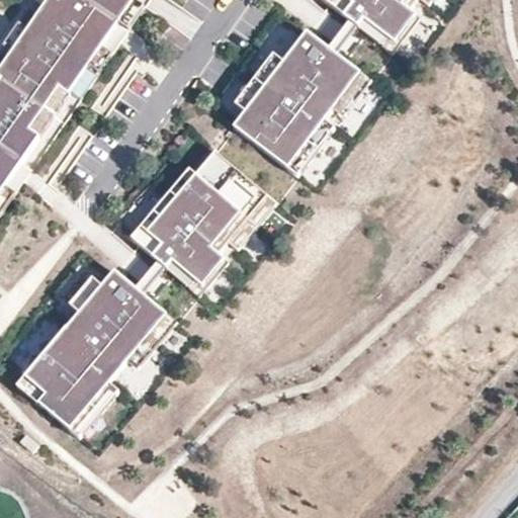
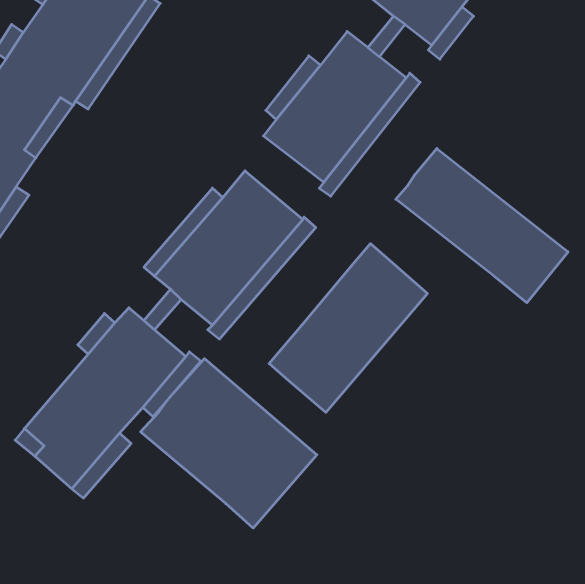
building: none -> [396,148,568,303]
building: none -> [269,244,427,412]
building: none -> [141,359,317,528]

